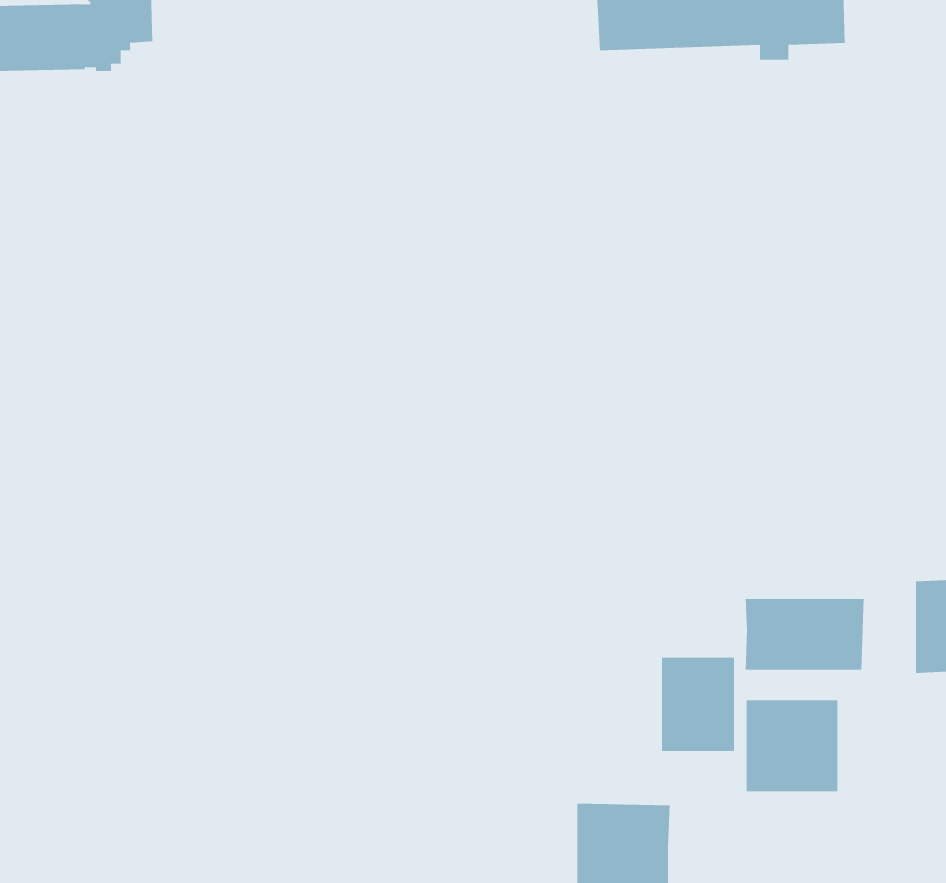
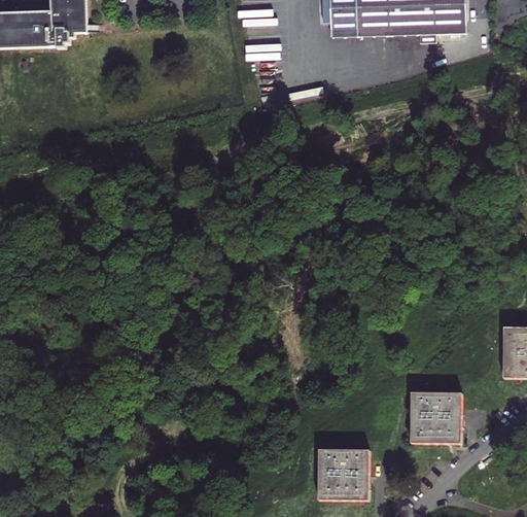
building: [745,598,864,670] -> none
building: [661,657,734,752] -> none

